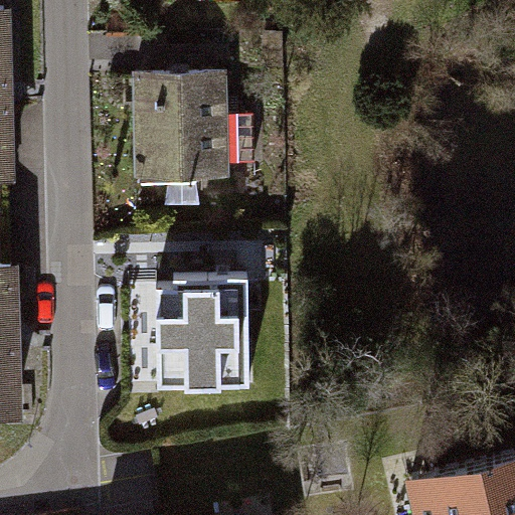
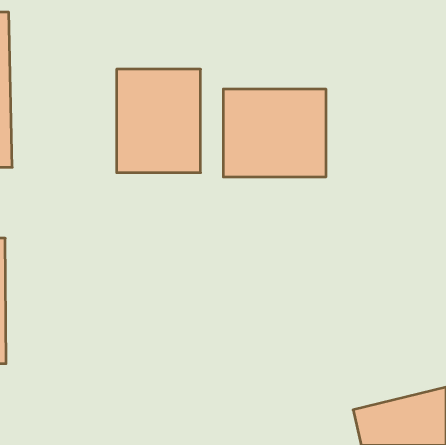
building: none -> [223,89,326,177]
building: [169,283,246,390] -> none

